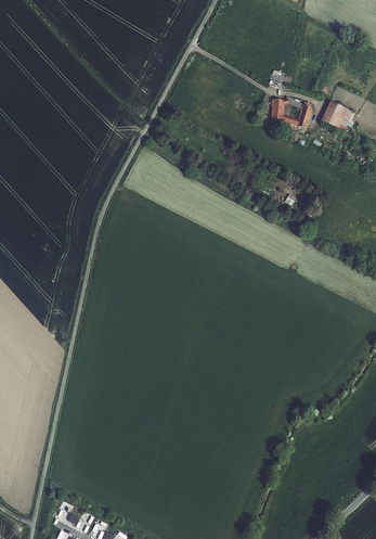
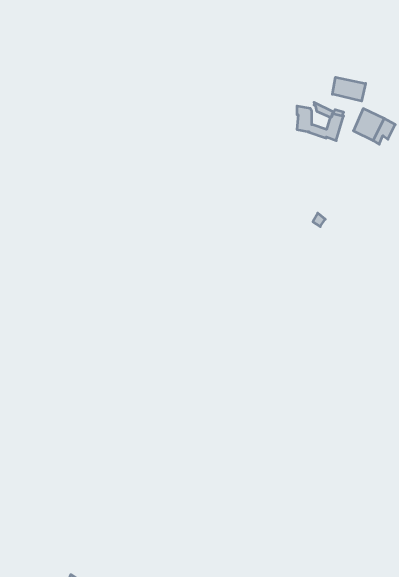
building: none -> [332,77,366,101]

